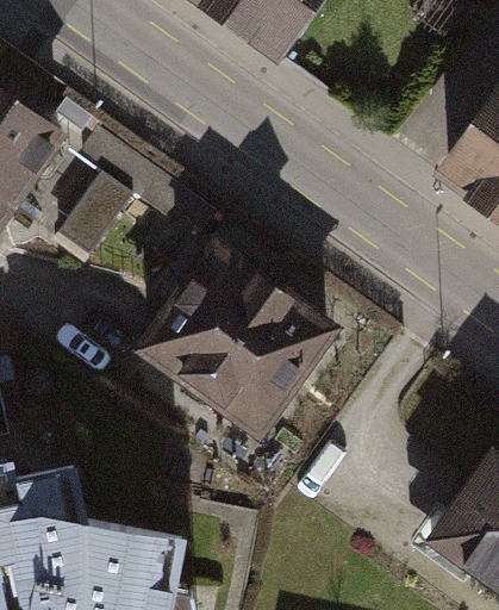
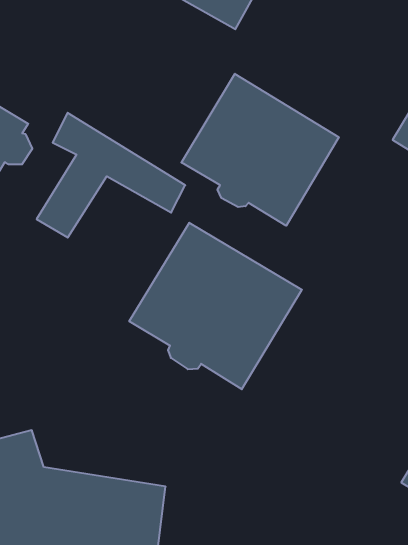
building: none -> [181,74,339,226]

